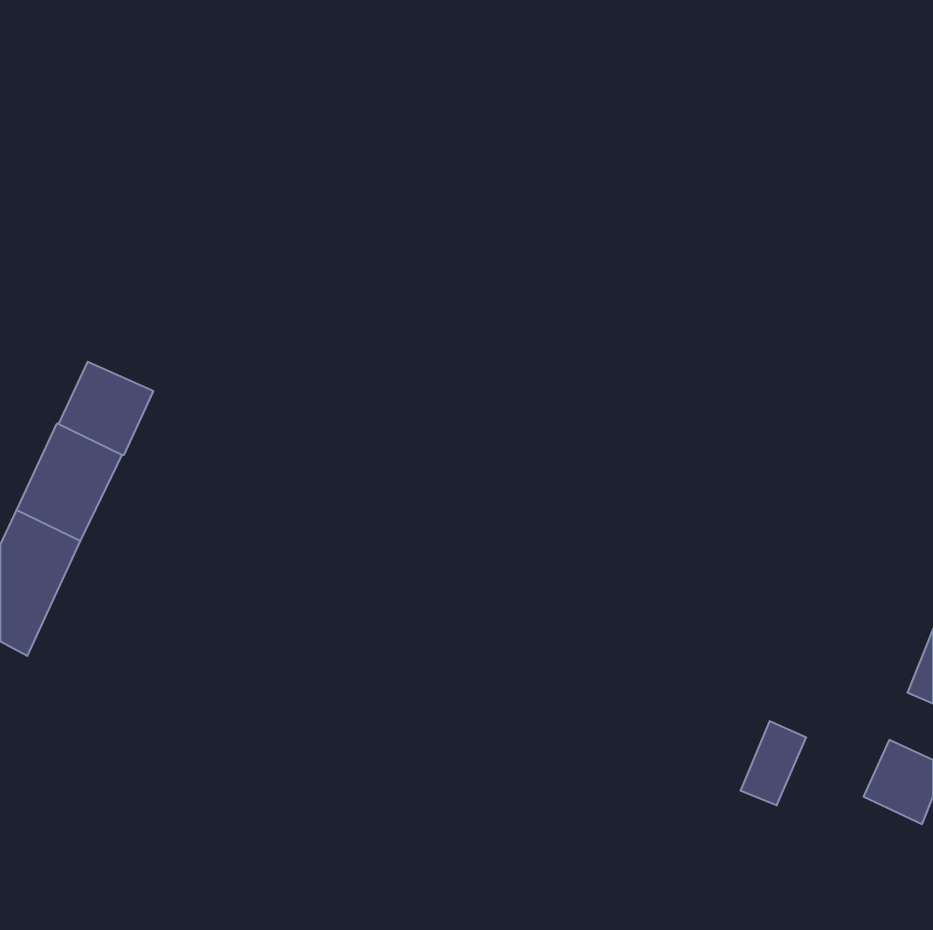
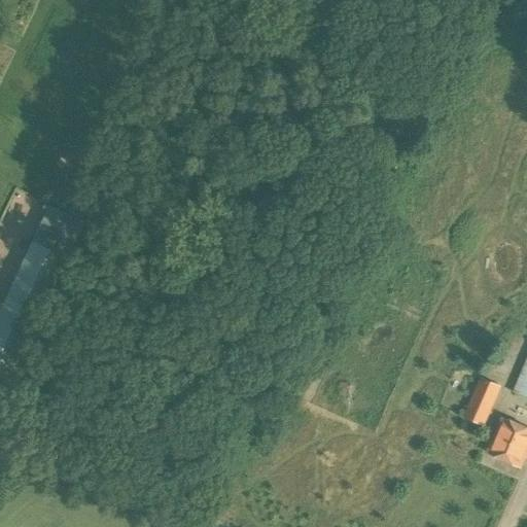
building: [740,721,806,805] -> [463,376,500,423]

